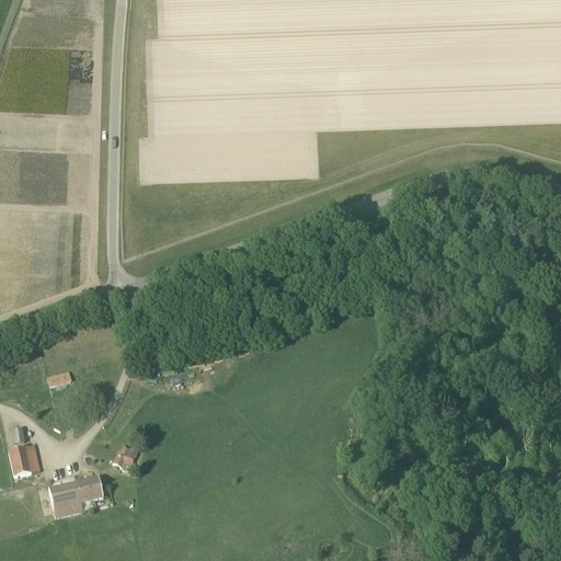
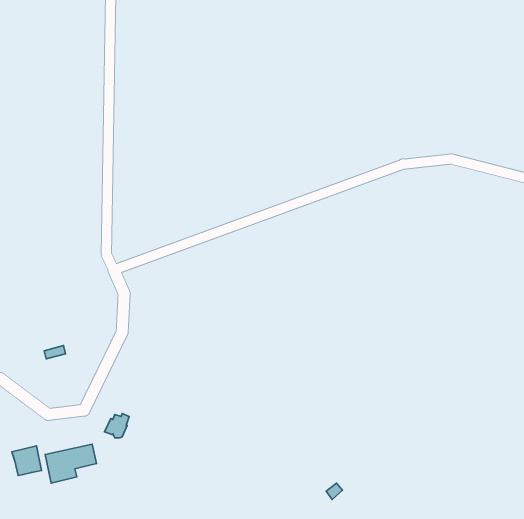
building: [8,443,39,474] -> [12,446,42,476]

